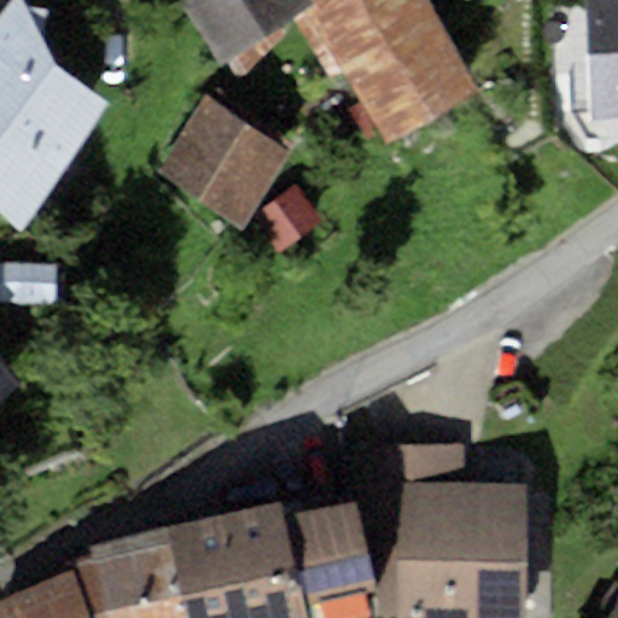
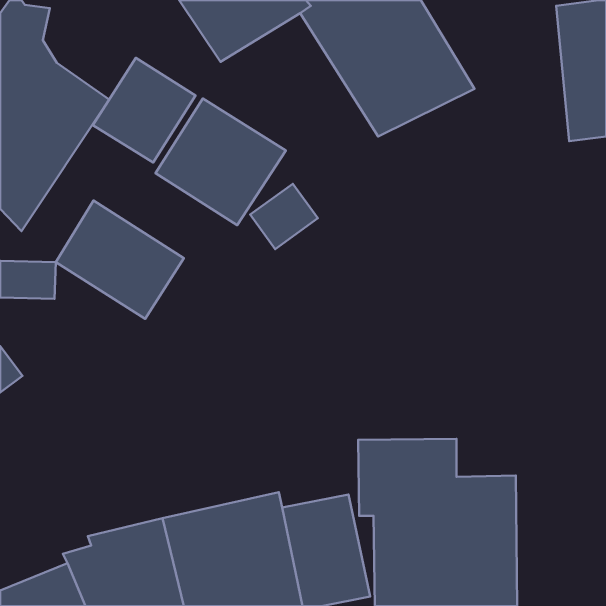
building: none -> [93,58,195,162]
building: none -> [56,201,184,319]

